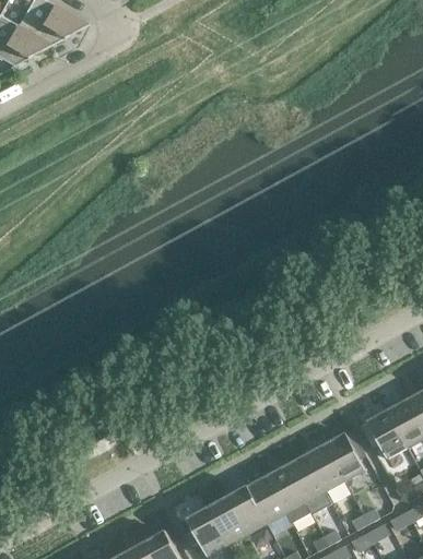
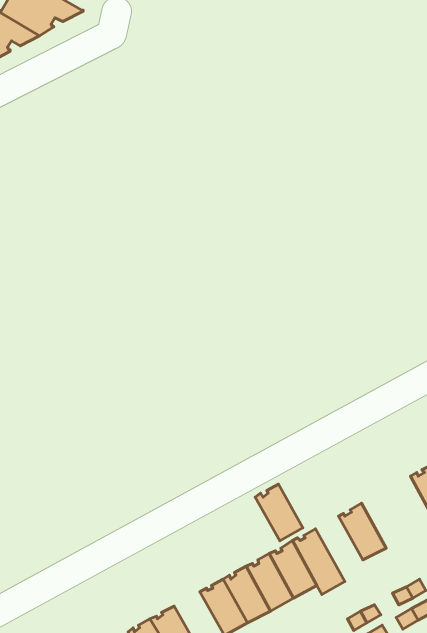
building: [325,432,366,481] -> none
building: [285,454,326,502] -> [255,484,303,541]

